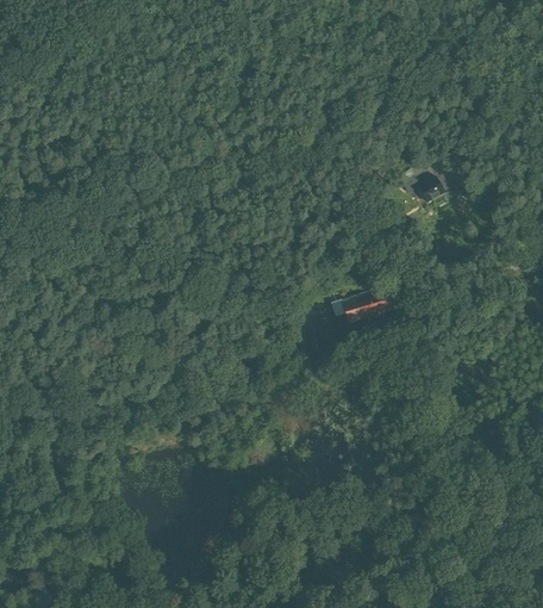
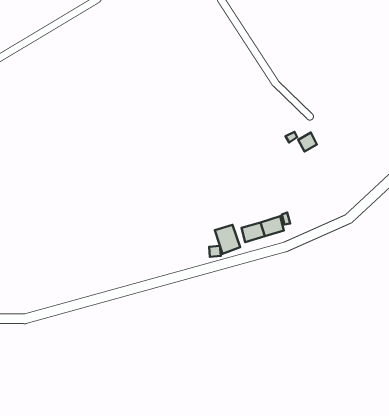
building: none -> [215,225,240,254]

